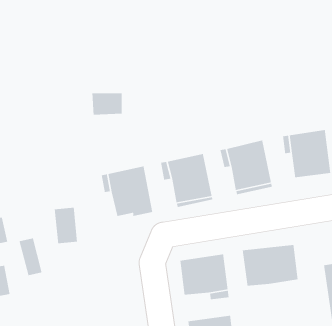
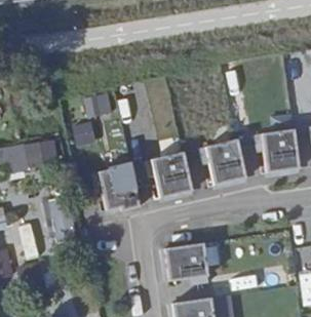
building: none -> [9,143,59,168]
building: [242,244,299,287] -> none

